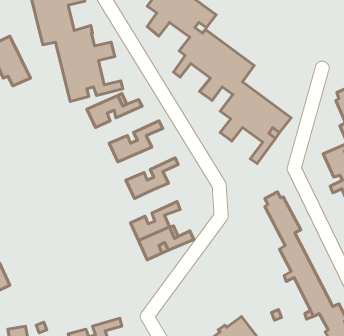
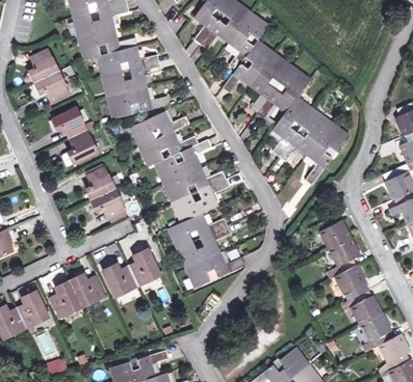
building: none -> [53,107,98,166]
building: none -> [139,124,198,166]
building: none -> [86,166,125,219]
building: none -> [163,167,225,202]
building: none -> [167,213,227,248]
building: none -> [103,249,159,295]
building: none -> [50,274,105,318]

